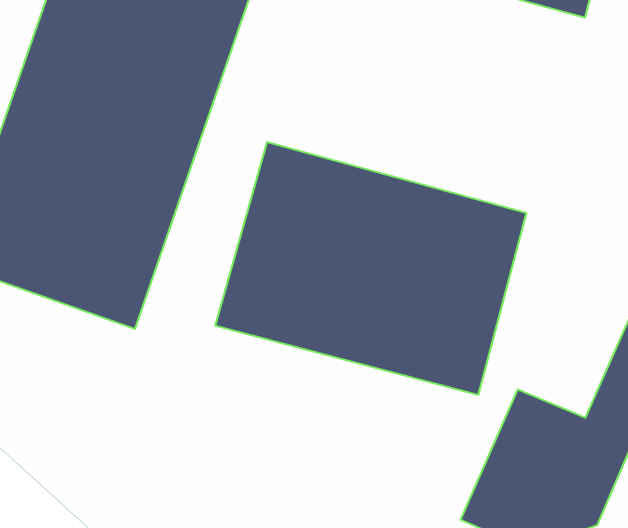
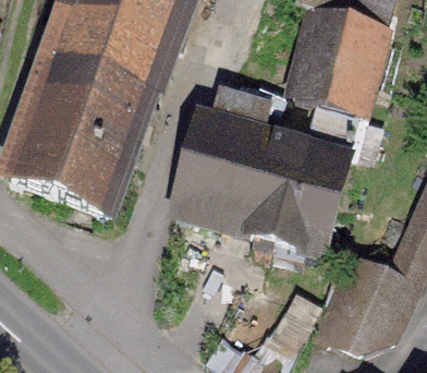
building: none -> [289,20,386,118]

